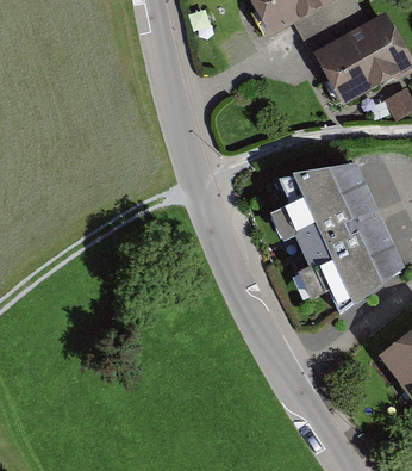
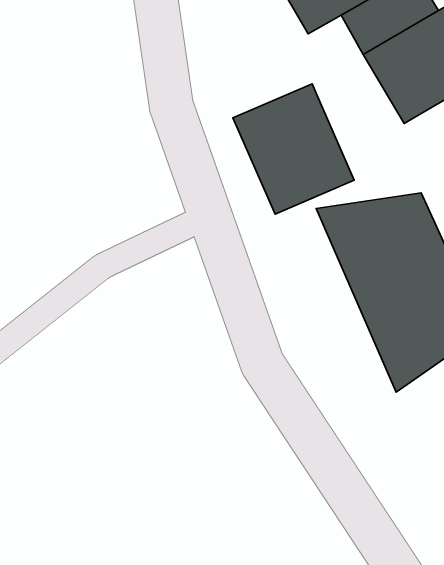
building: none -> [233,84,354,214]

